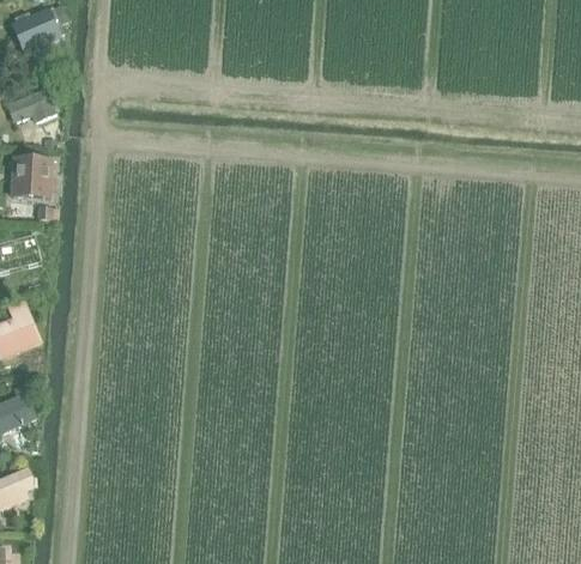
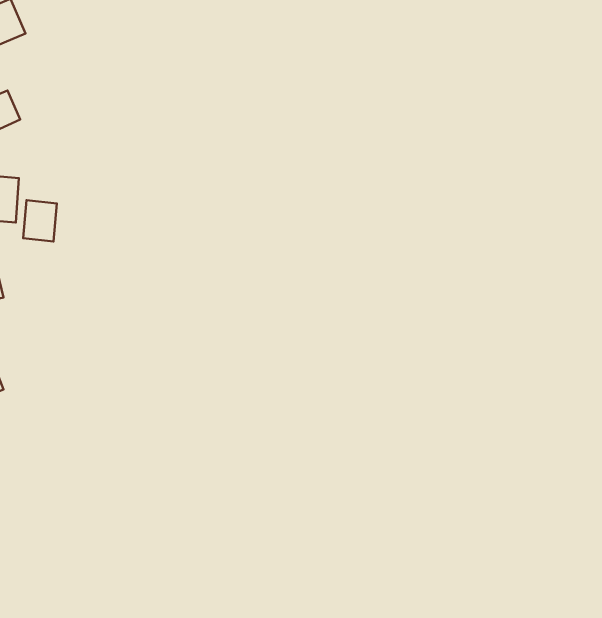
building: none -> [23,200,57,241]

